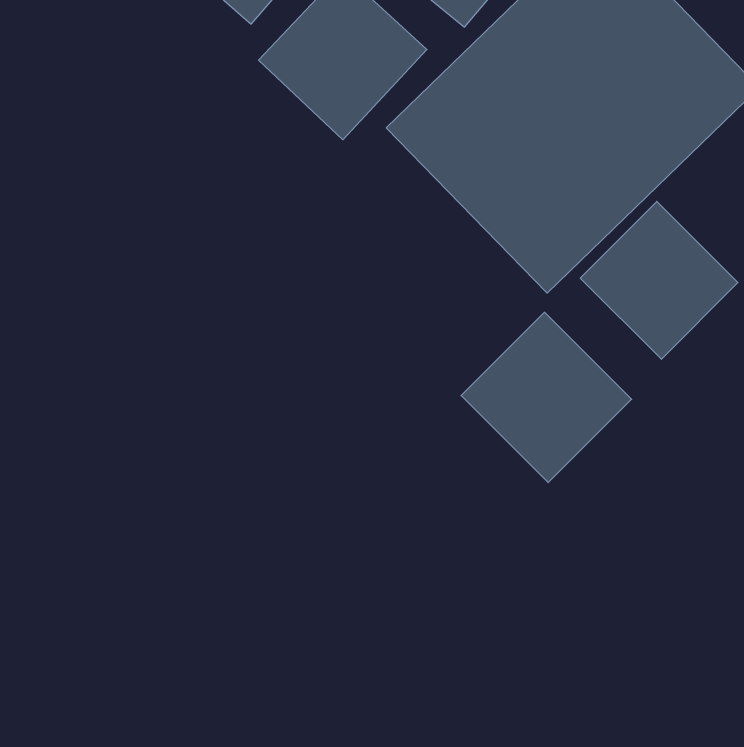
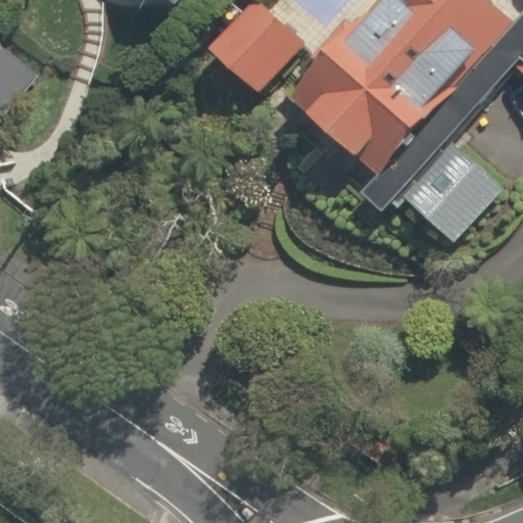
building: [461,312,632,483] -> none

